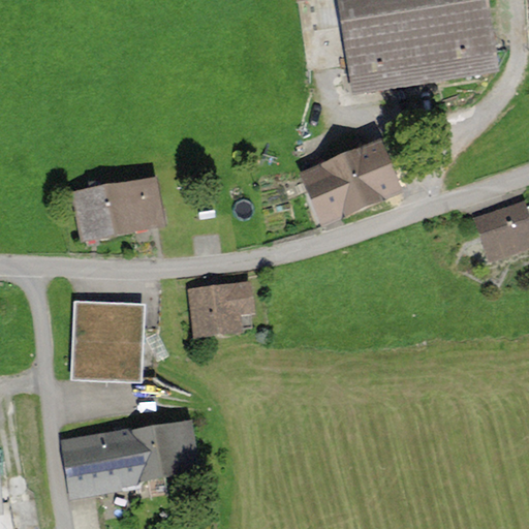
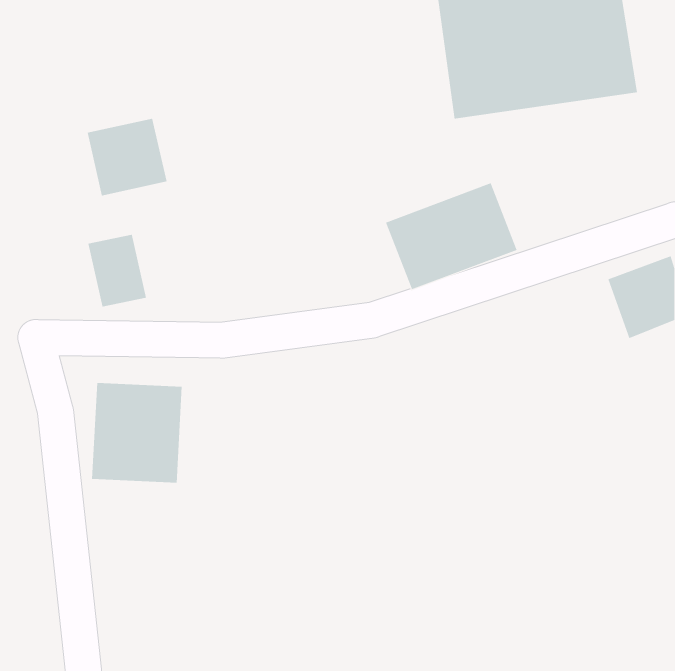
building: [103,172,166,232] -> [87,118,167,196]
building: [187,279,253,334] -> none
building: [65,430,193,497] -> none

